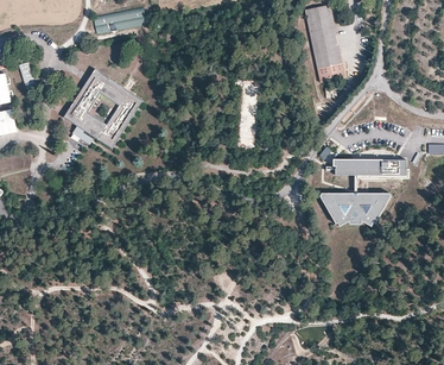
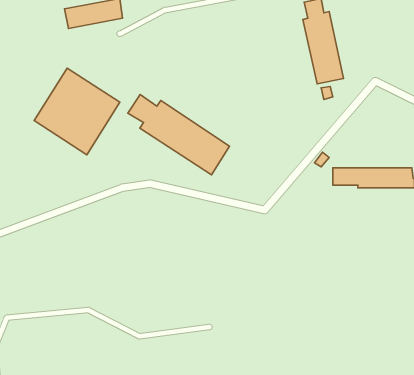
building: none -> [128,95,230,175]
building: [319,191,391,226] -> none

